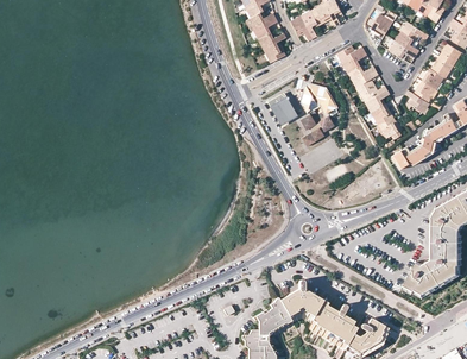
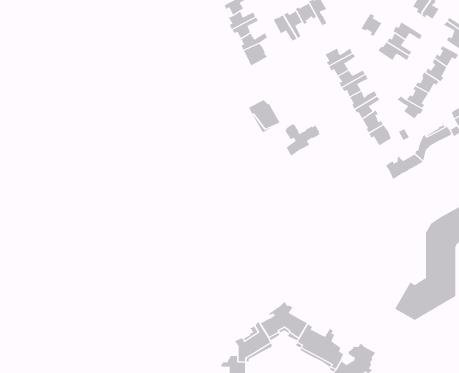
building: [301,82,336,116] -> none

